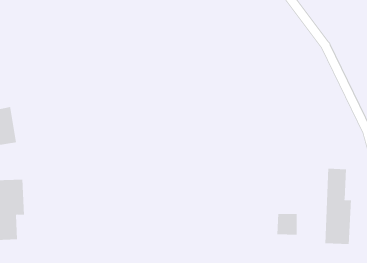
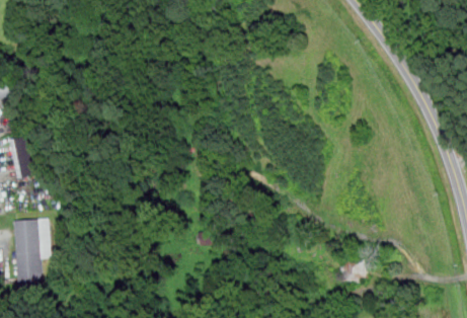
building: [325,168,351,245] -> none

